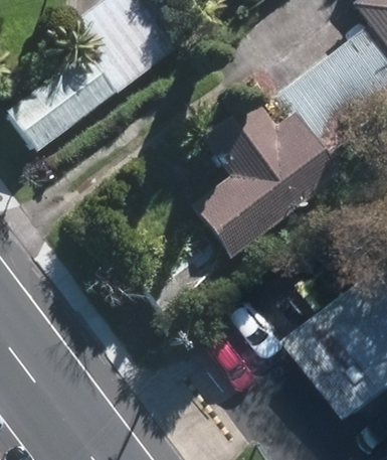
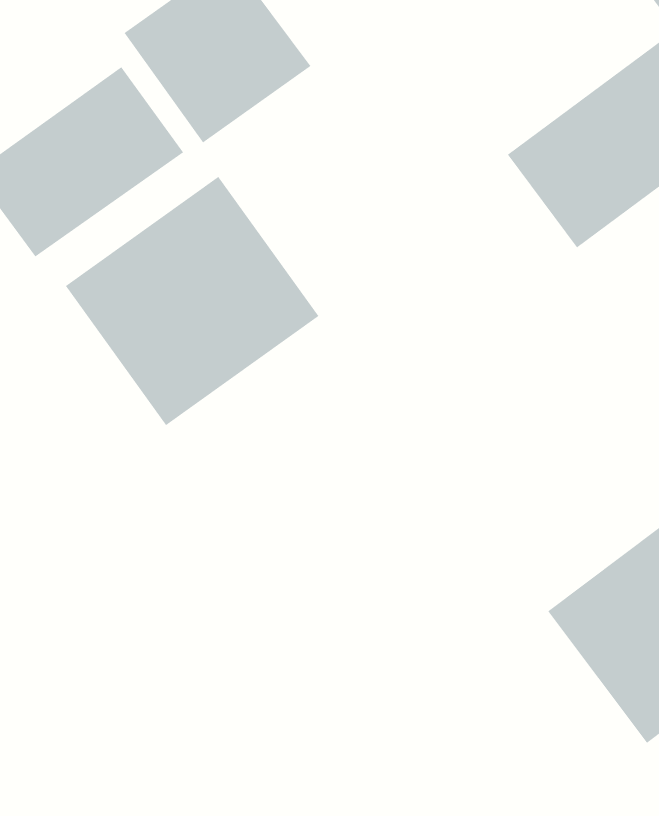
building: [197,106,329,227] -> none
building: none -> [65,176,319,426]

